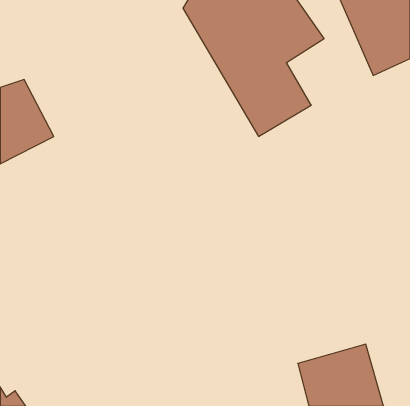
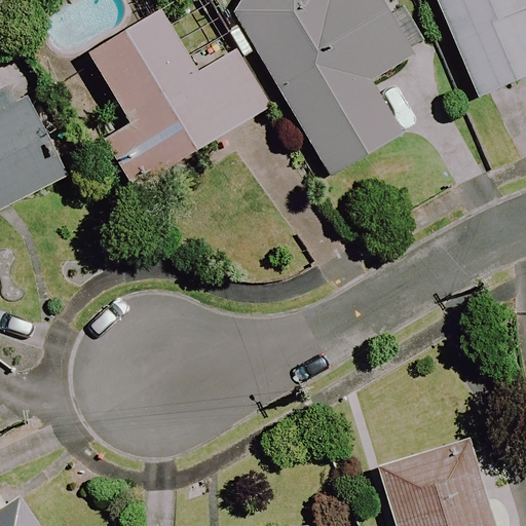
building: none -> [88,11,269,186]

